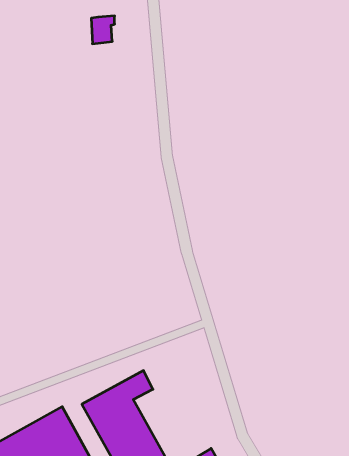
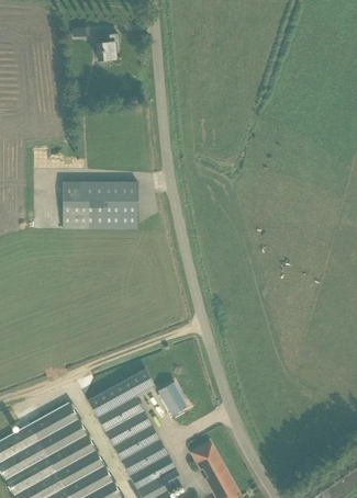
building: none -> [62,181,137,228]
building: none -> [160,382,187,414]

